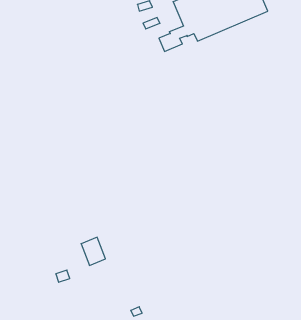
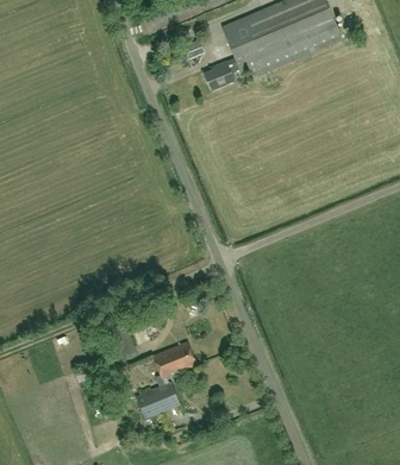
building: none -> [152,340,196,377]
building: none -> [136,381,181,417]

